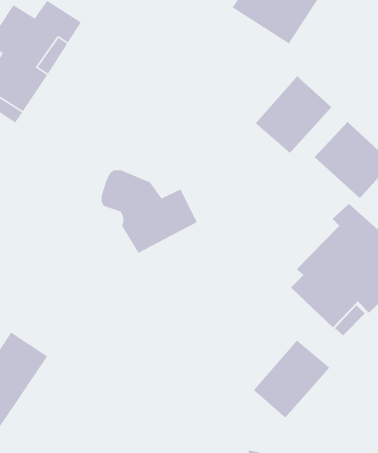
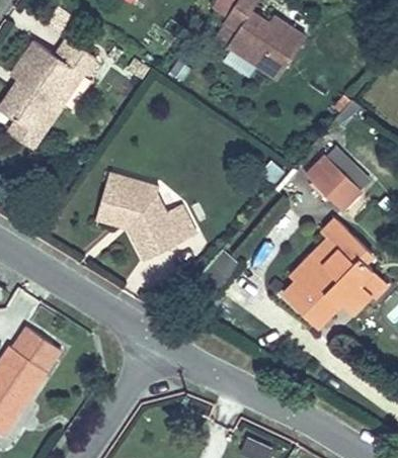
building: [255,75,332,154] -> none
building: none -> [95,169,157,237]
building: [253,339,330,419] -> none

